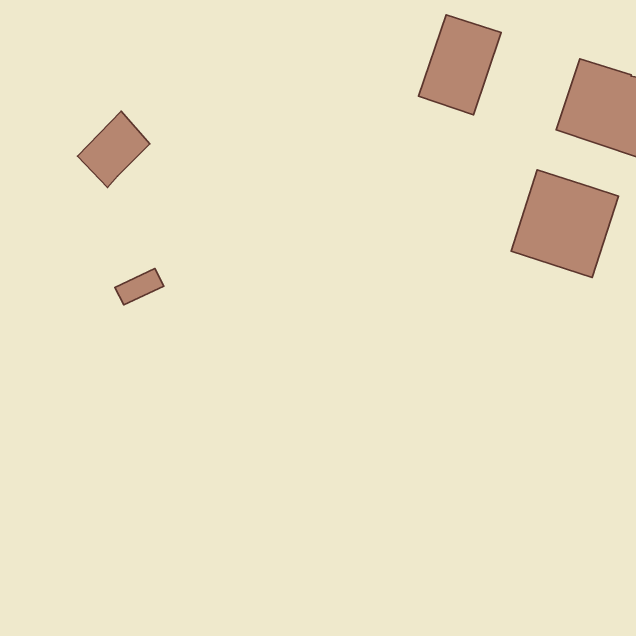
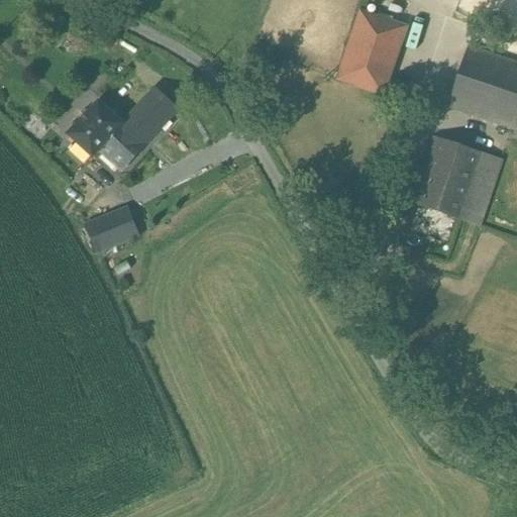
building: none -> [97,88,170,164]

